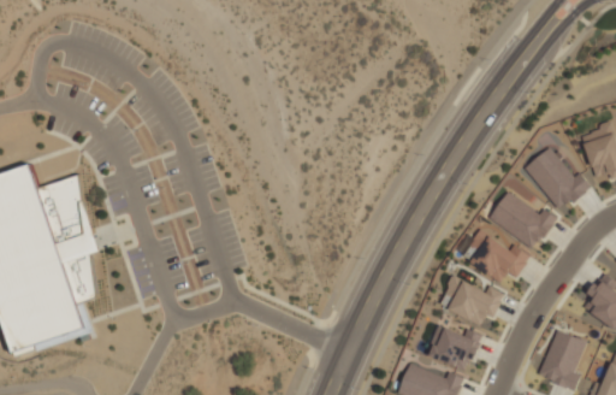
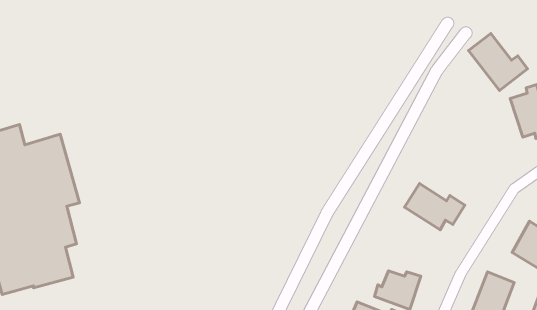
building: [523,147,590,211] -> [468,33,528,90]
building: [488,191,556,249] -> none
building: [438,275,503,324] -> none

